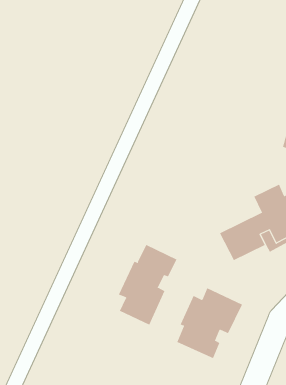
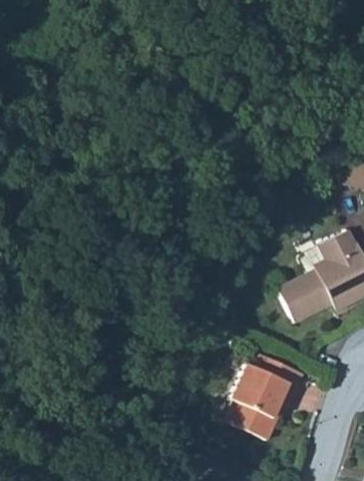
building: [118,244,177,326] -> none

